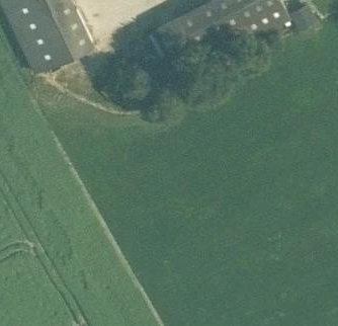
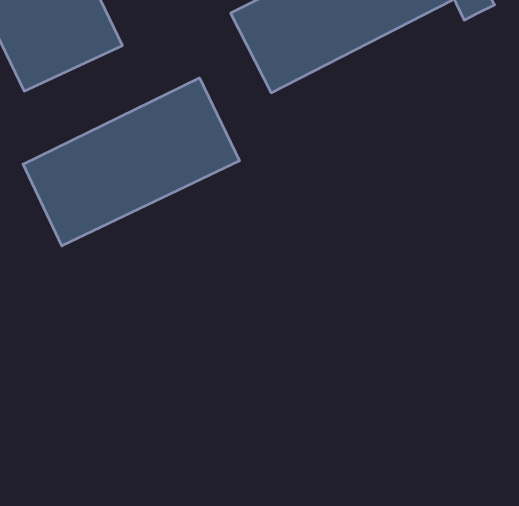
building: none -> [23,78,239,246]

